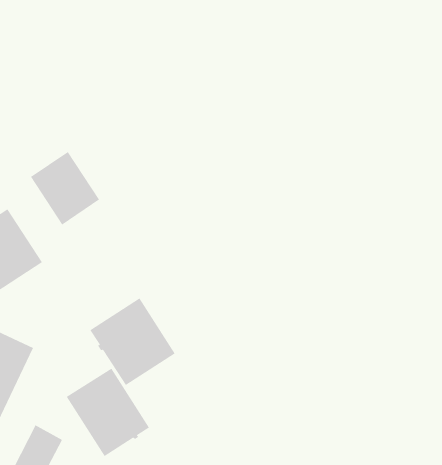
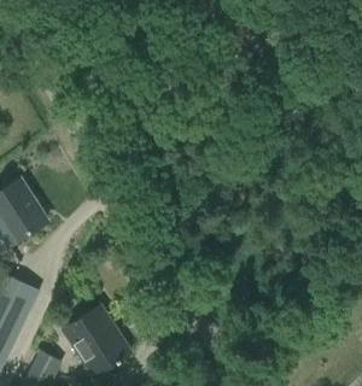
building: [30,151,100,225] -> none
building: [89,298,176,386] -> none

